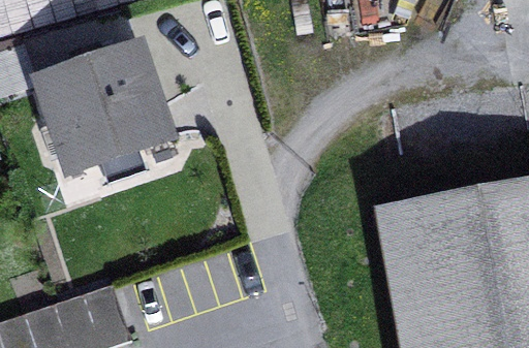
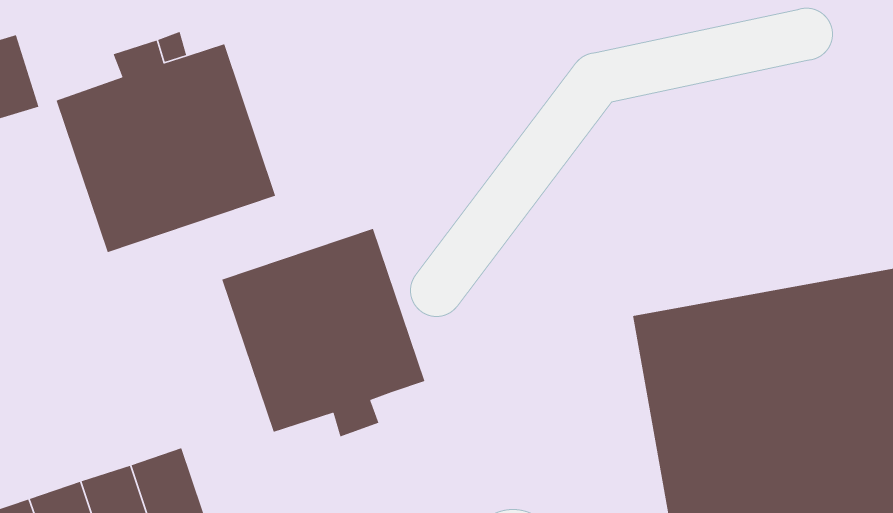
building: none -> [221,228,425,437]

